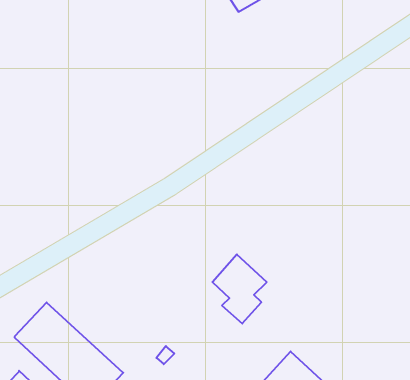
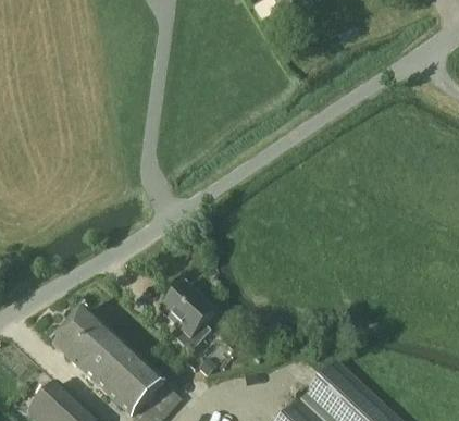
building: [212,254,267,324] -> [160,281,215,351]

